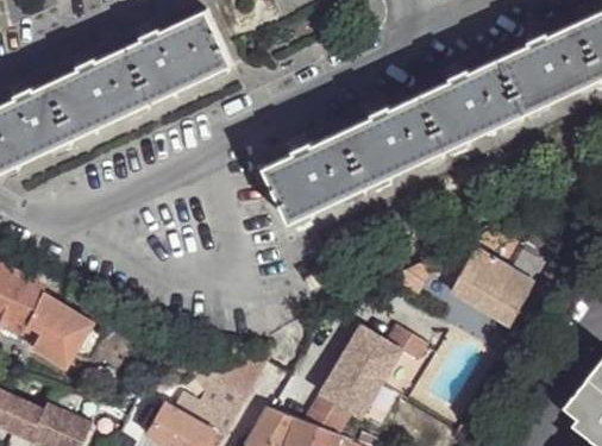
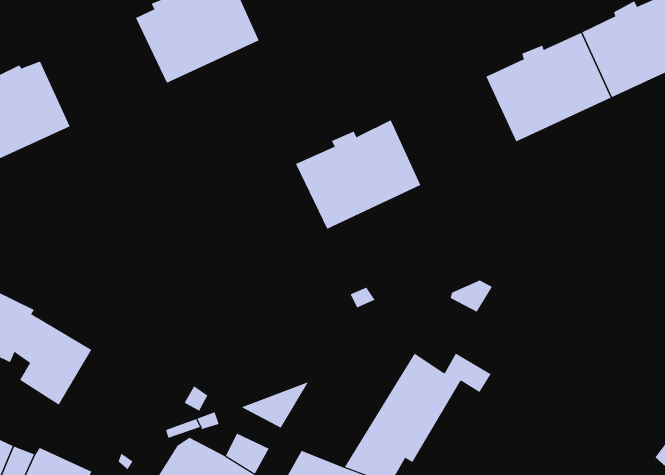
building: [52,46,157,137] -> none
building: [344,95,447,186] -> none
building: [451,249,544,322] -> none

